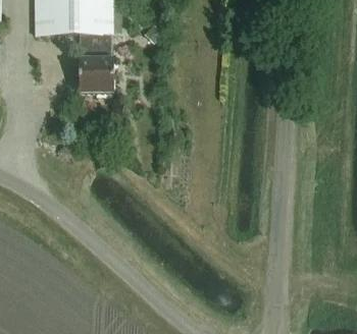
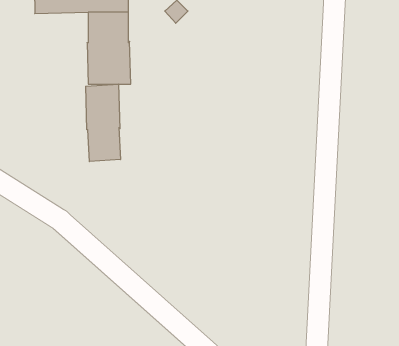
building: none -> [86,84,120,162]

